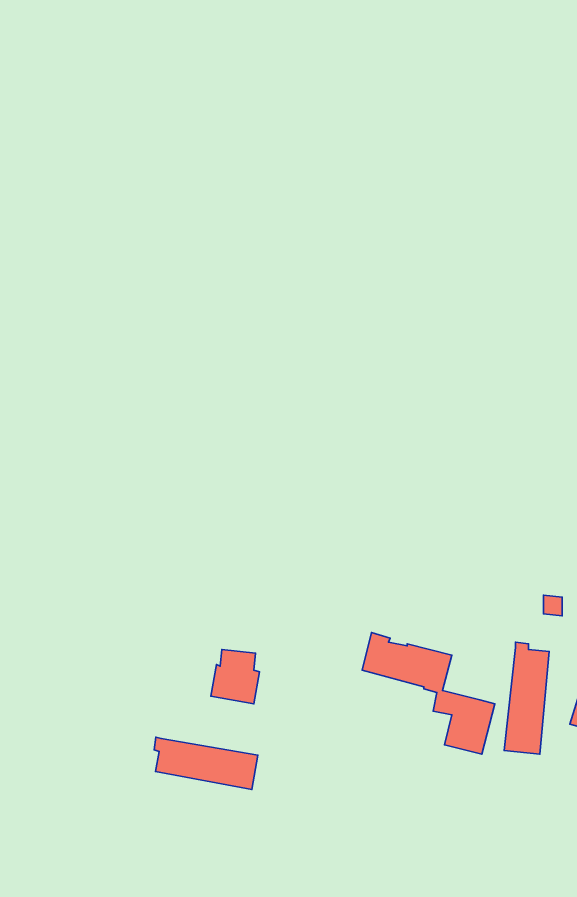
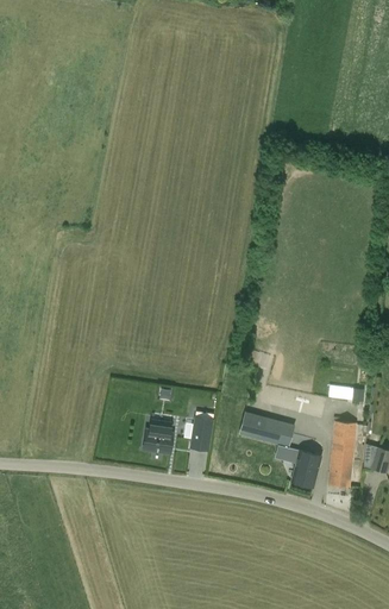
building: none -> [188,419,211,452]
building: [154,737,258,790] -> none

